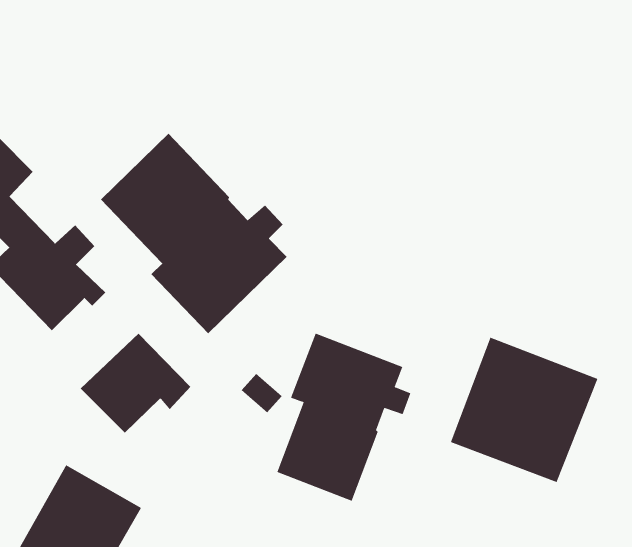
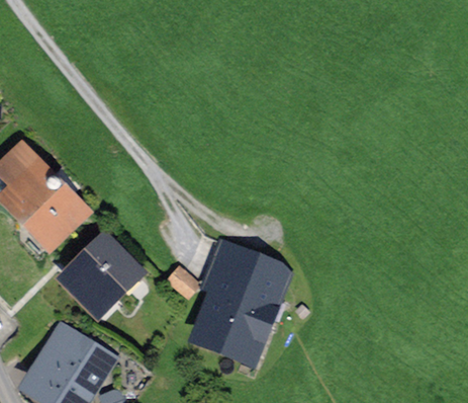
building: [100,133,287,334] -> none
building: [450,337,598,483] -> none

